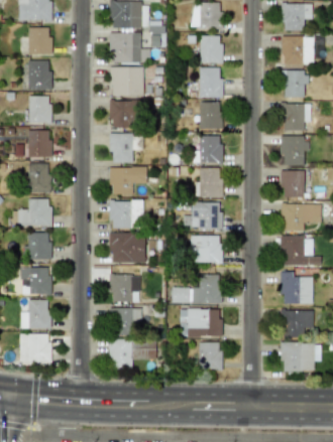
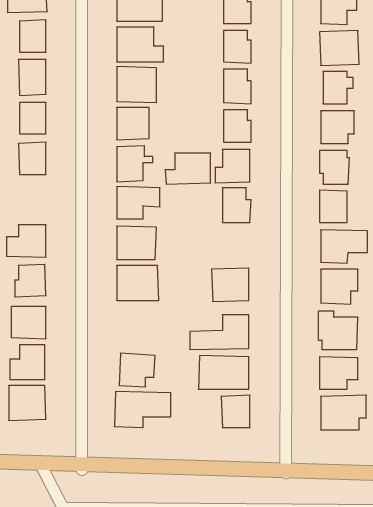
building: [28,164,50,192] -> none
building: [183,202,221,229] -> [165,153,211,184]
building: [110,275,139,303] -> none

